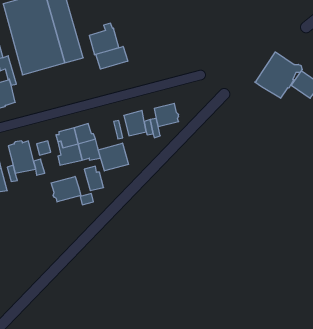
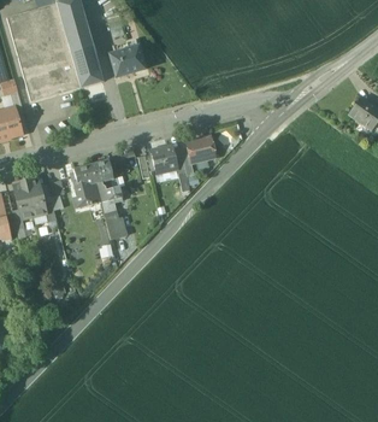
building: [96,46,128,69] -> none
building: [255,52,302,98] -> none
building: [98,143,129,171] -> none
building: [51,176,81,202] -> none

